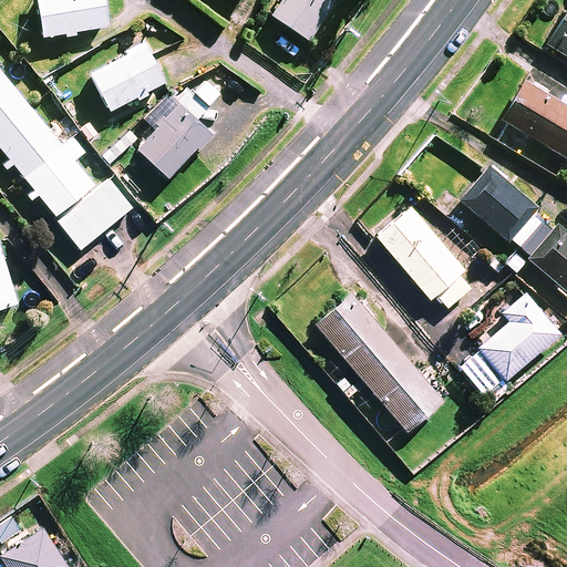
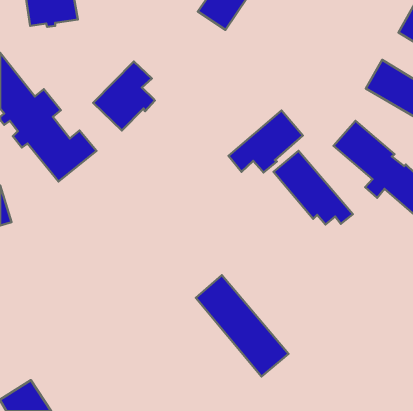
building: [92,41,166,111] -> none
building: none -> [229,110,303,172]
building: [458,291,557,396] -> none
building: [316,293,442,432] -> [196,275,288,377]

